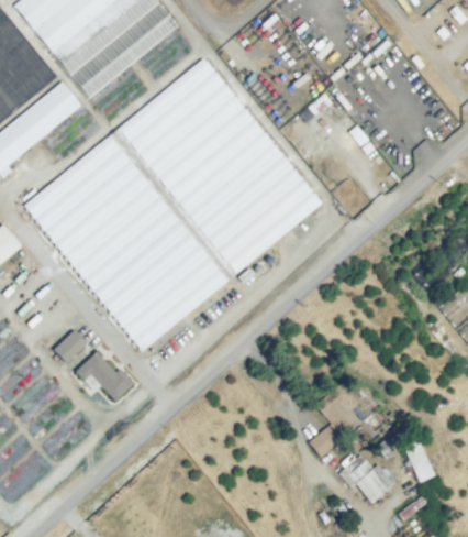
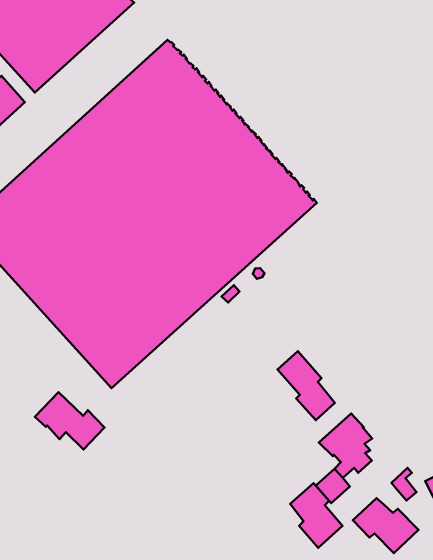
building: none -> [278,351,335,420]
building: [54,329,87,362] -> none
building: none -> [290,483,343,548]

